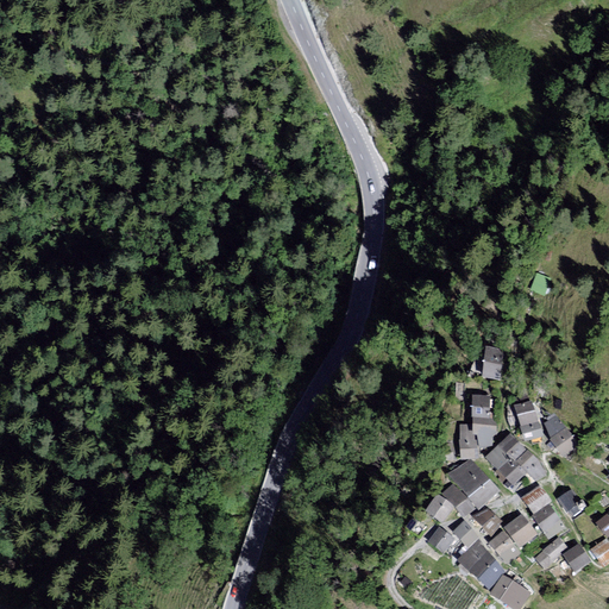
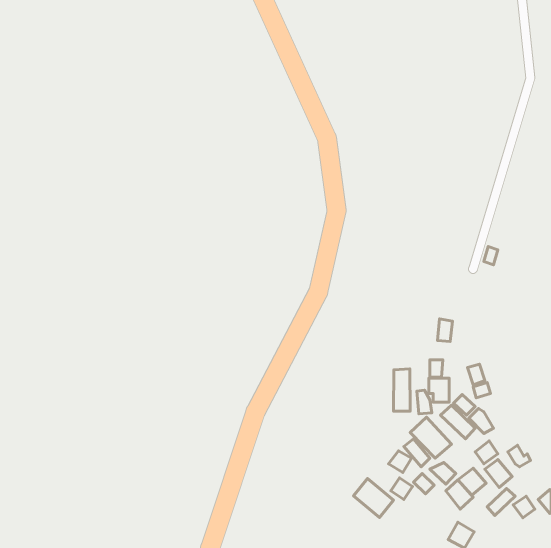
building: none -> [393,369,410,411]
building: [544,416,576,454] -> none
building: [462,541,506,584] -> [353,479,393,517]

